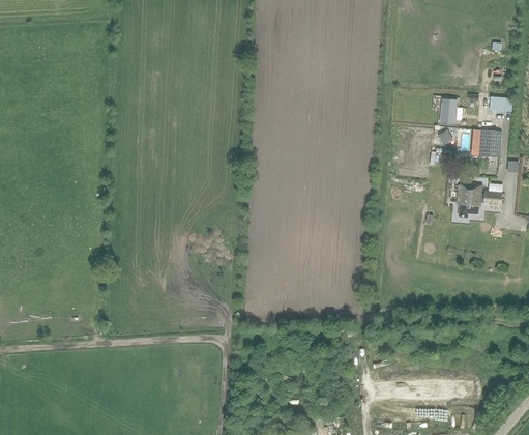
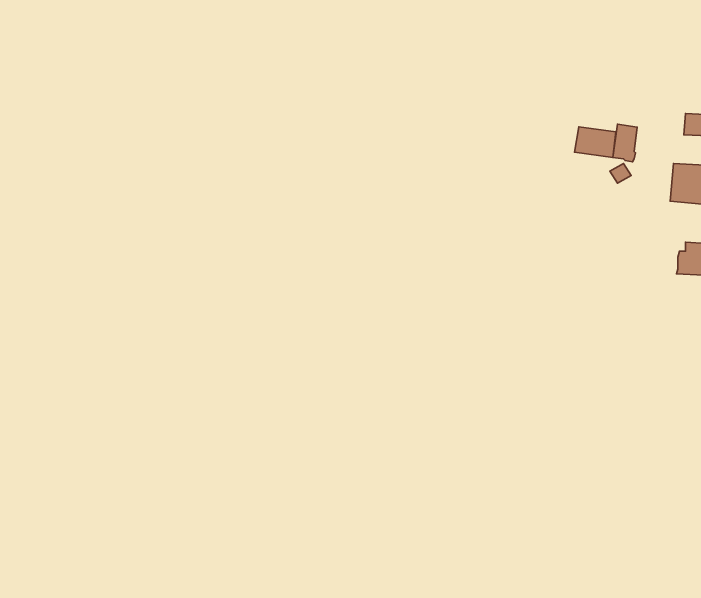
building: none -> [575,127,616,157]
building: [457,184,482,218] -> none

